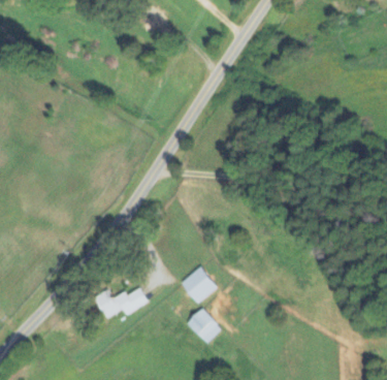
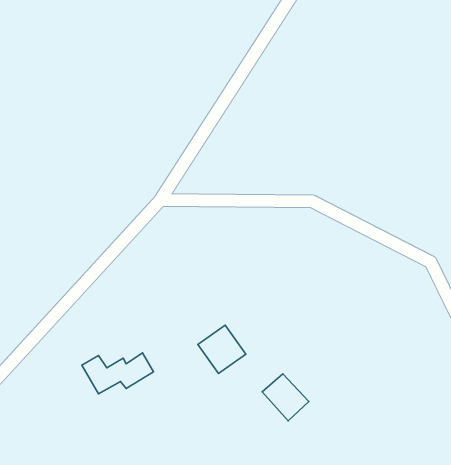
building: [186,309,221,344] -> [262,374,309,421]

